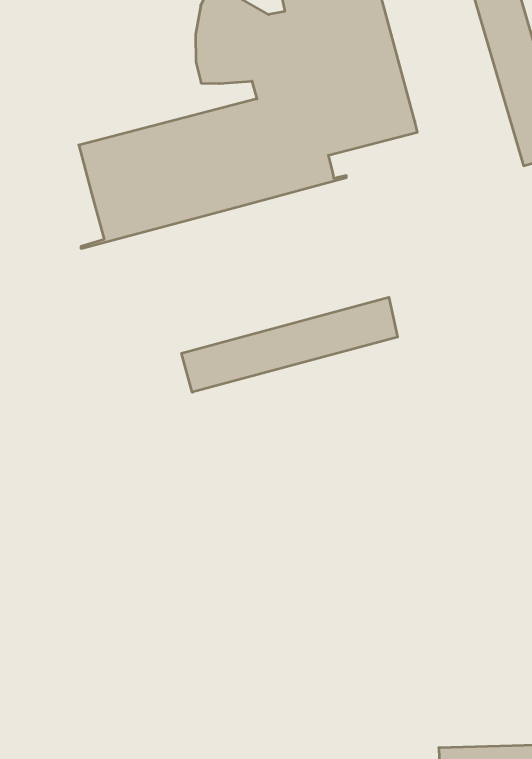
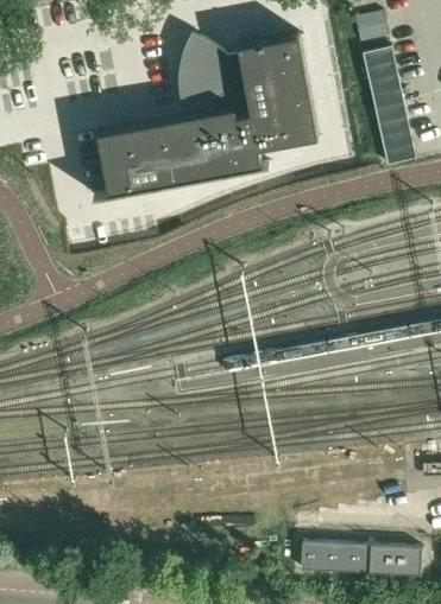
building: [182,297,398,392] -> none

